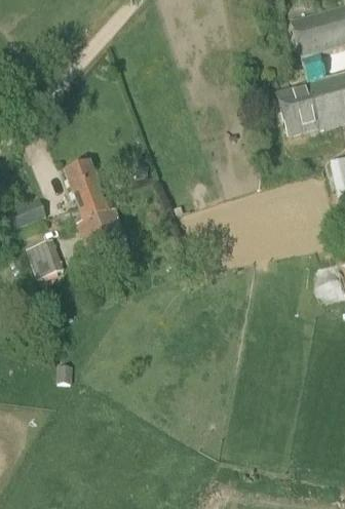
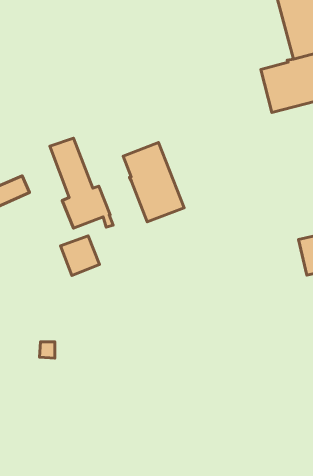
building: none -> [123,143,184,222]
building: [26,238,65,278] -> [61,236,99,276]

